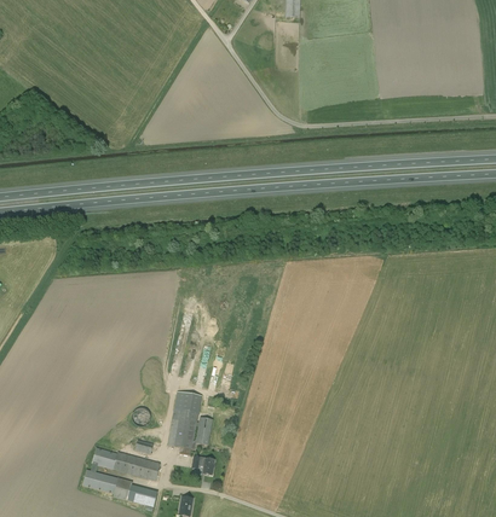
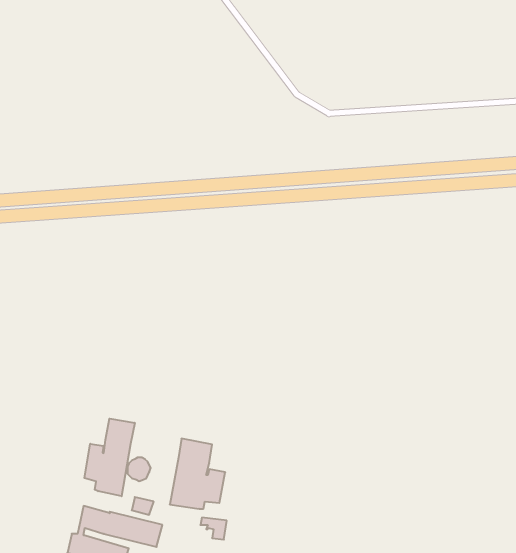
building: none -> [84,419,135,496]

